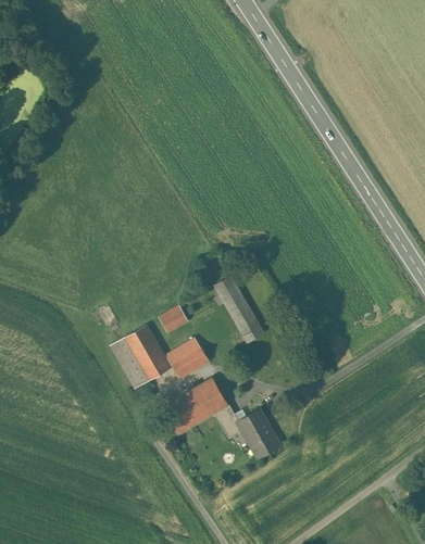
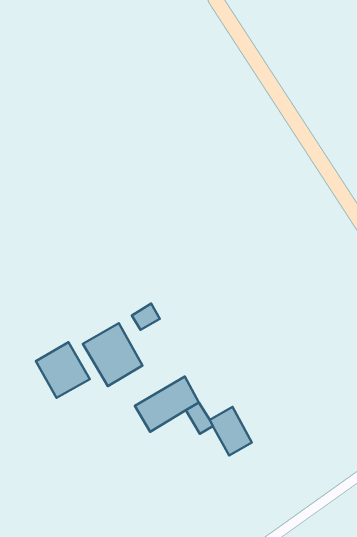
building: [215,277,263,343] -> none
building: [166,339,209,378] -> none
building: none -> [36,342,90,398]

